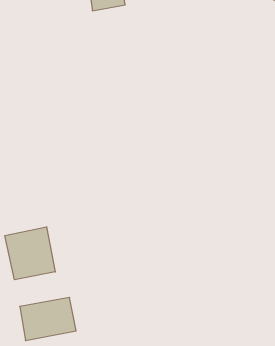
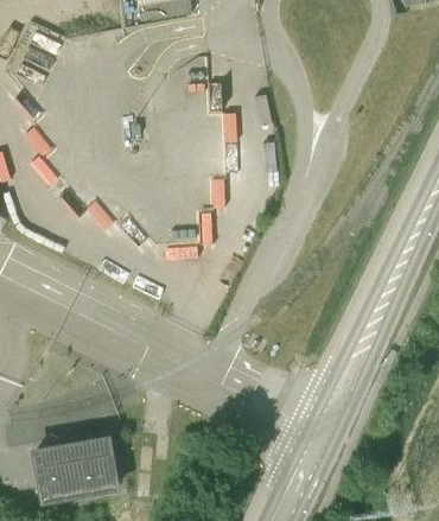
building: [5,227,55,280] -> none

